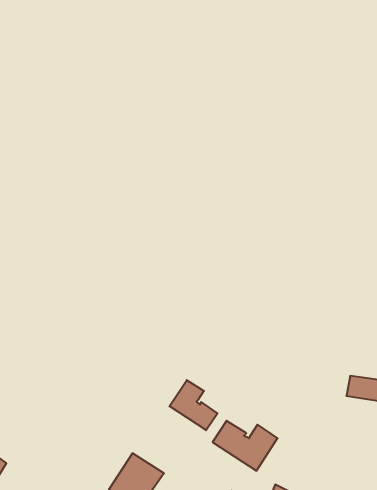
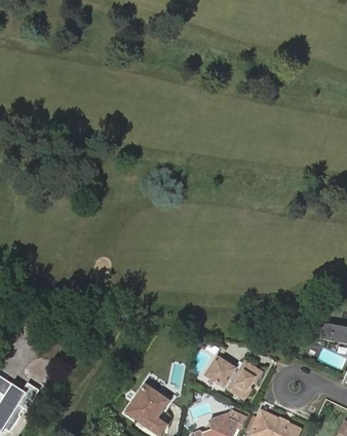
building: [169,380,217,430] -> none

